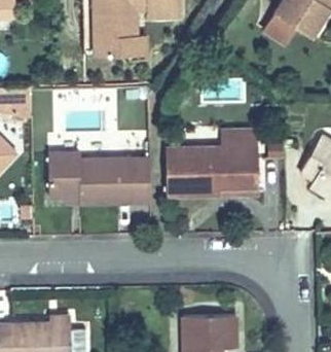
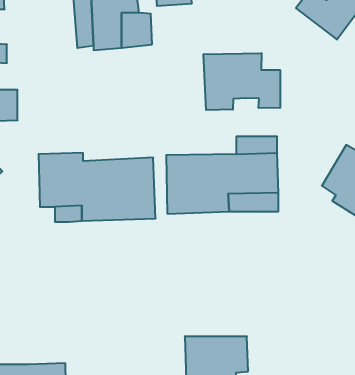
building: none -> [203,53,280,110]

